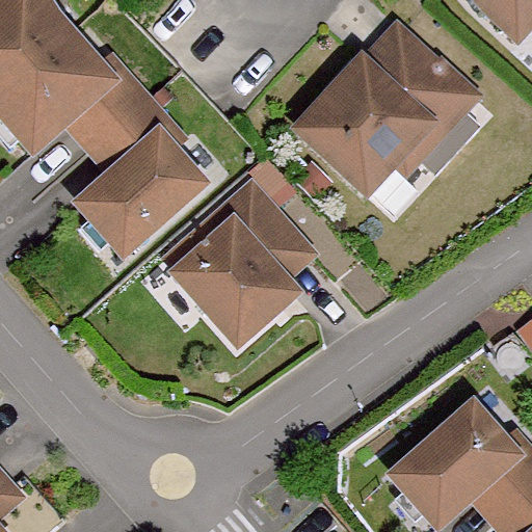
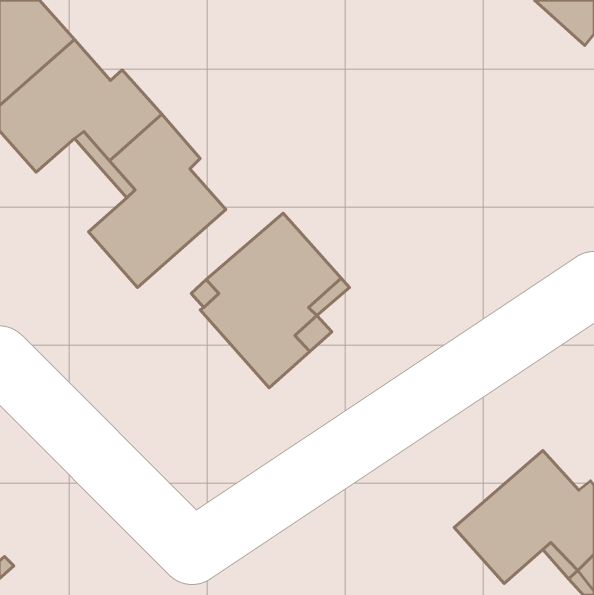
building: [300,26,478,196] -> none

